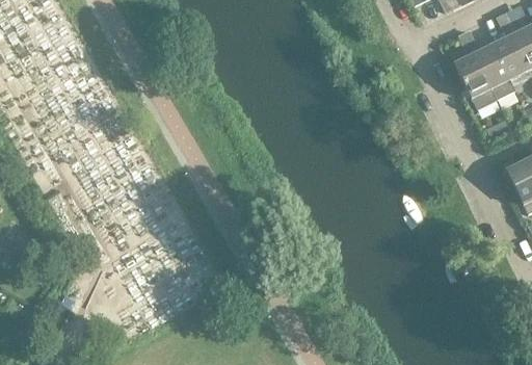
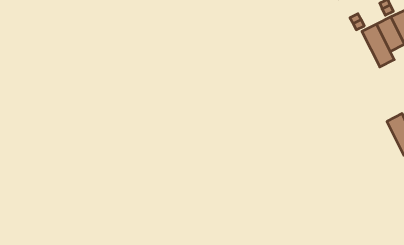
building: [454,53,497,109] -> none

